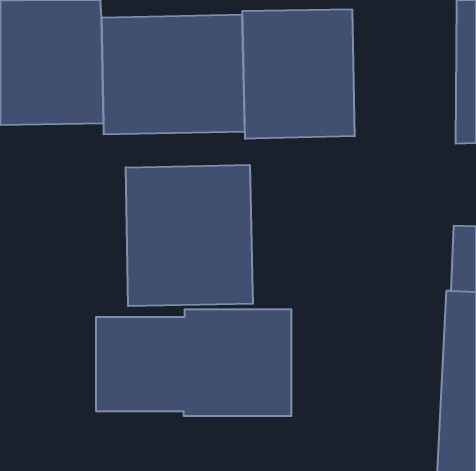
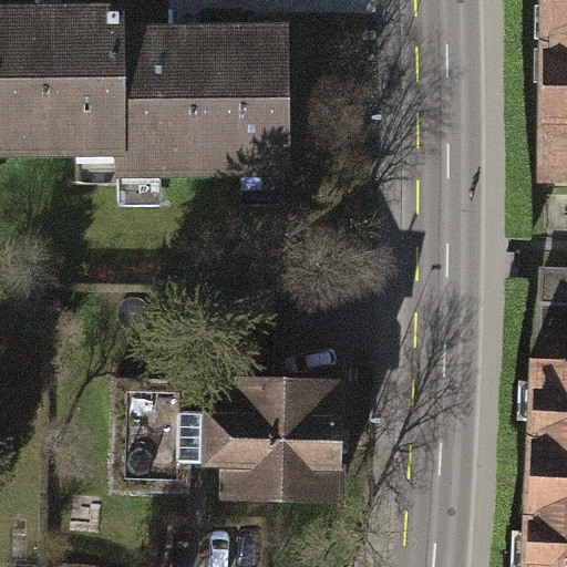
building: [243,9,355,139] -> none
building: [126,165,253,306] -> none

